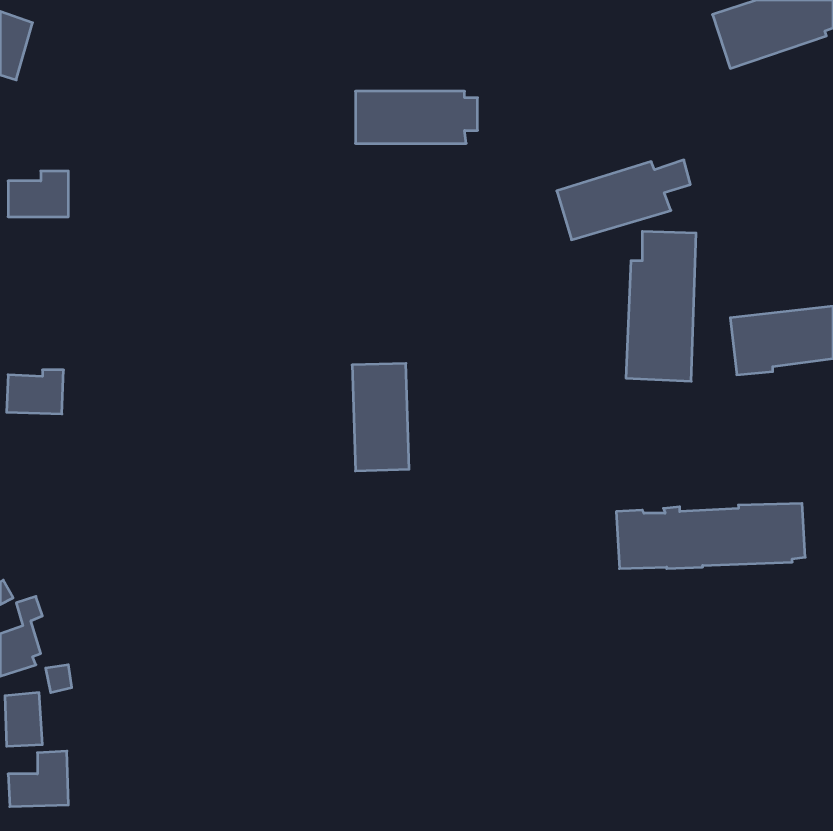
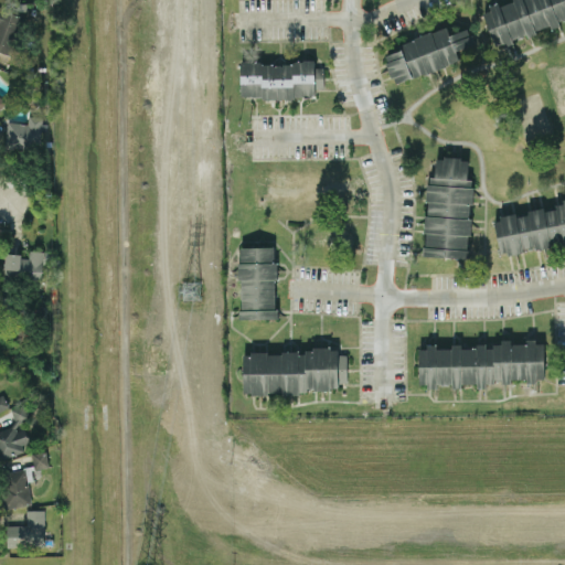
building: [557,160,690,240] -> [383,29,473,83]
building: none -> [243,350,347,395]

